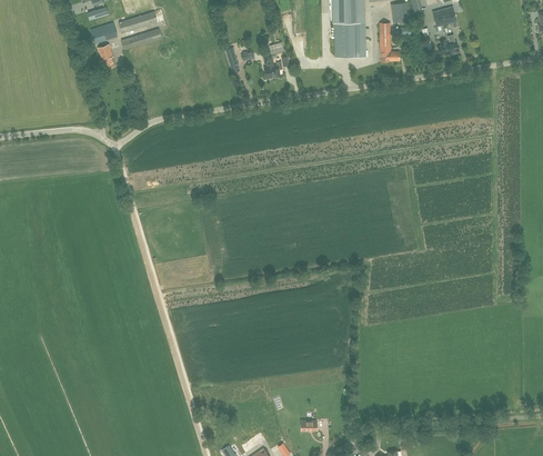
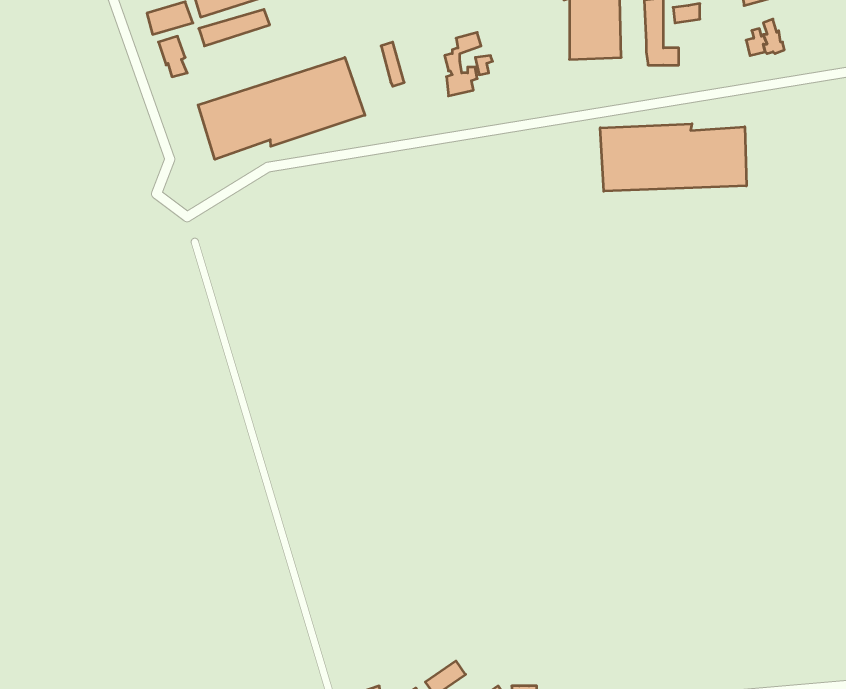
building: none -> [198,57,365,159]
building: none -> [600,124,746,191]

